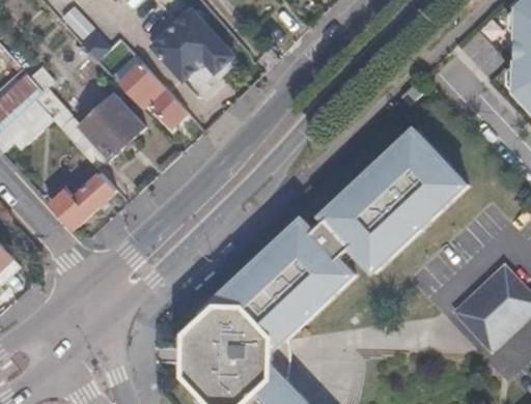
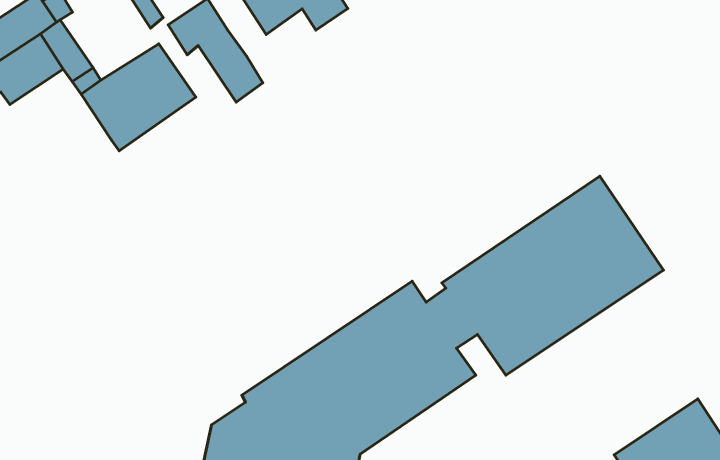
building: [47,160,113,228] -> none

